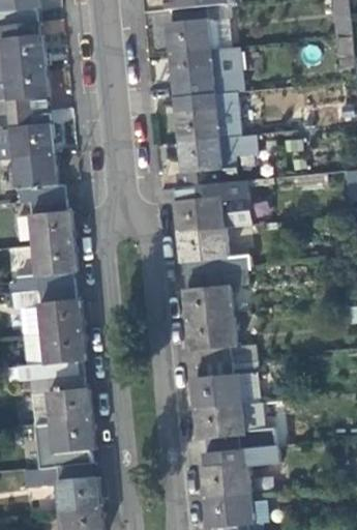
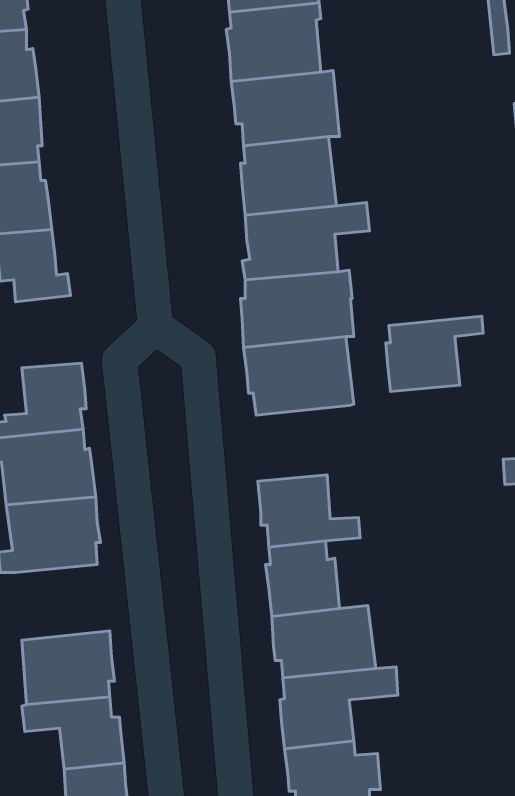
building: [28,197,71,244] -> none
building: [184,269,248,319] -> [386,316,483,392]
building: [232,356,260,403] -> none
building: [28,374,90,423] -> none

